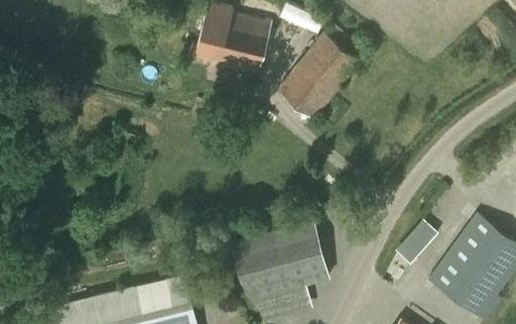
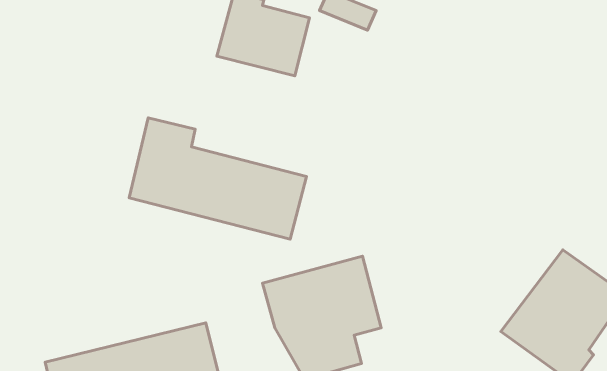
building: [277,32,361,120] -> none
building: none -> [129,118,306,239]
building: [395,221,437,264] -> none

